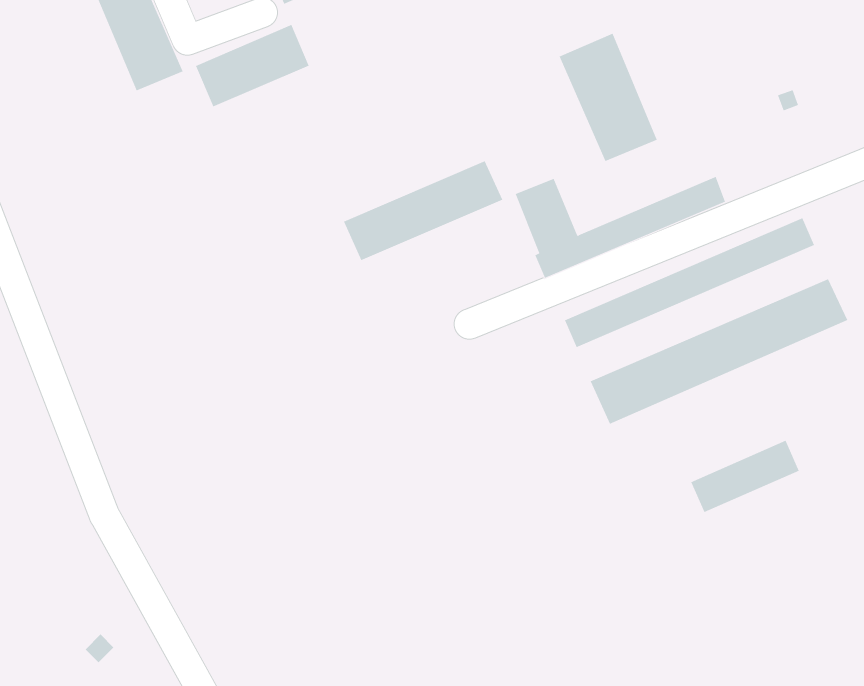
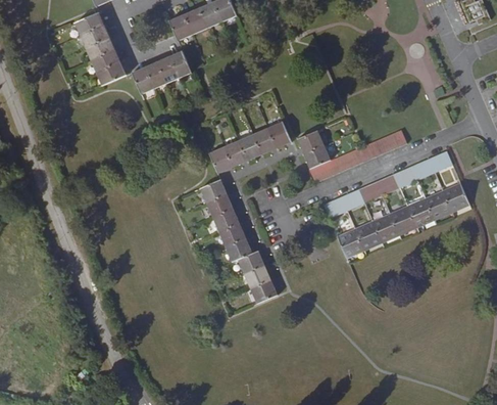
building: [559,33,658,162] -> none
building: none -> [199,179,277,303]
building: [691,440,800,513] -> none

